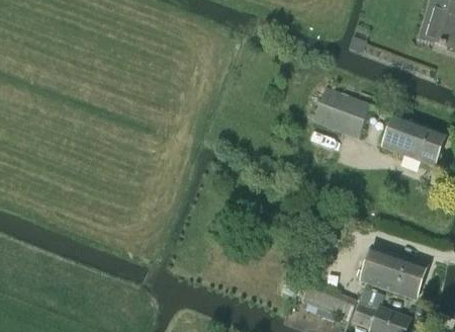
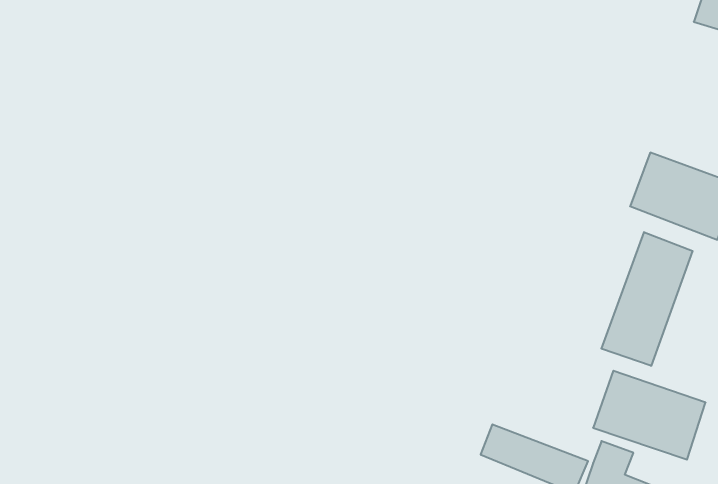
building: [313,87,371,138] -> none
building: none -> [601,232,693,366]

